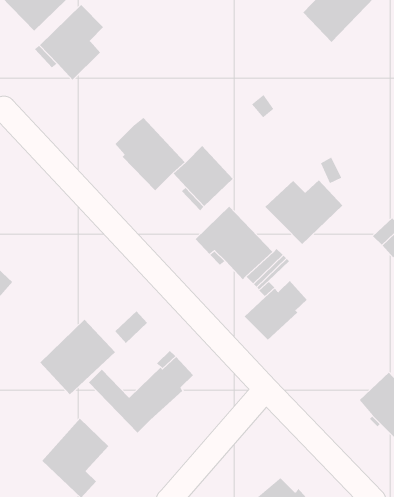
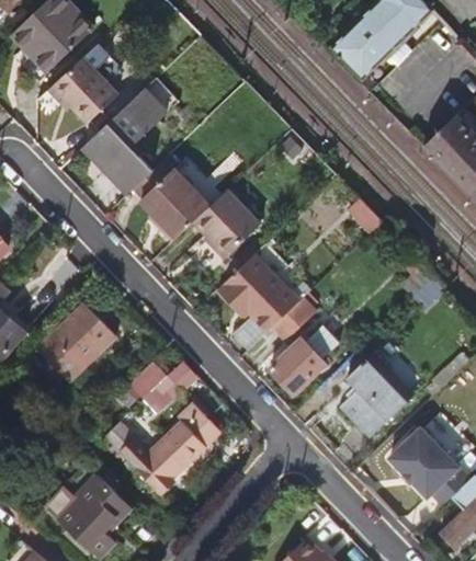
building: none -> [83,89,167,193]
building: [265,179,343,245] -> none
building: none -> [339,358,409,439]
building: [39,319,116,395] -> [36,302,116,382]

